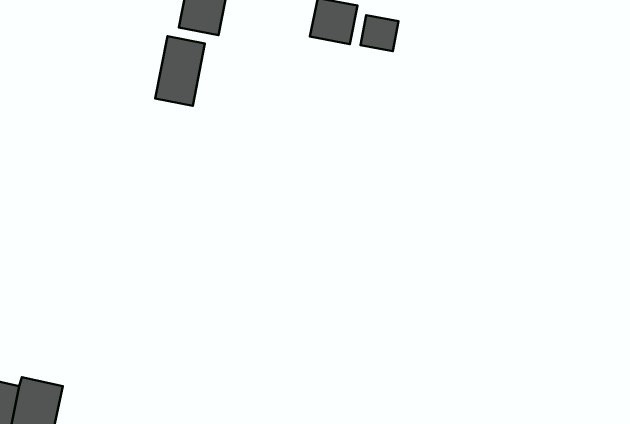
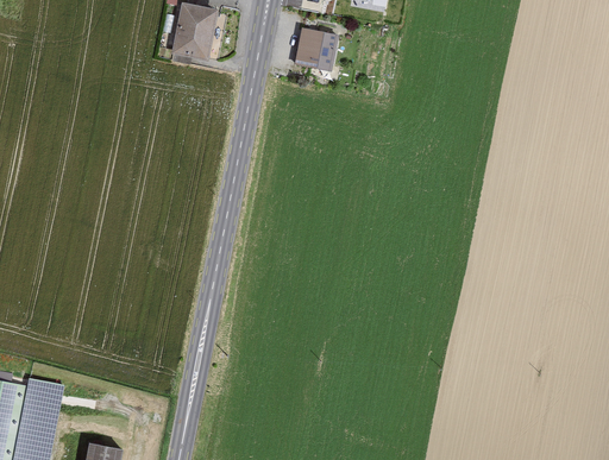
building: [360,15,399,51] -> none
building: [155,36,205,106] -> none

